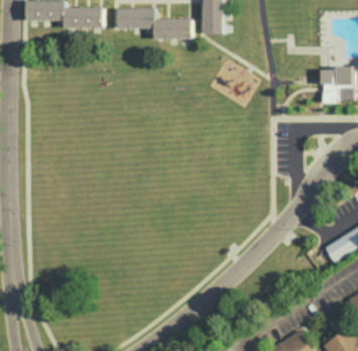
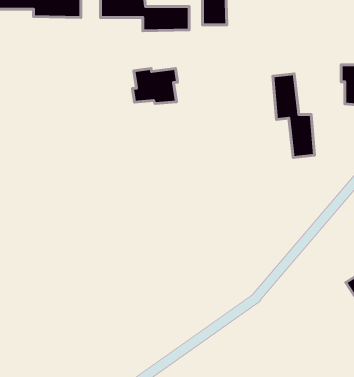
building: none -> [133,69,178,103]
building: none -> [273,74,315,158]

